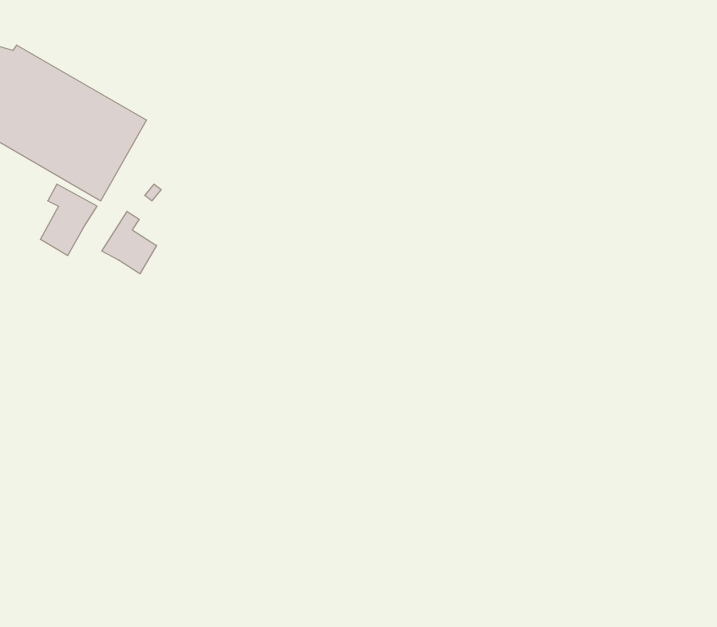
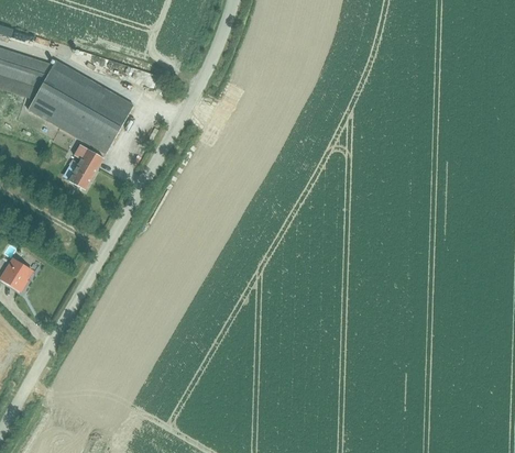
building: [102,211,157,274] -> none

